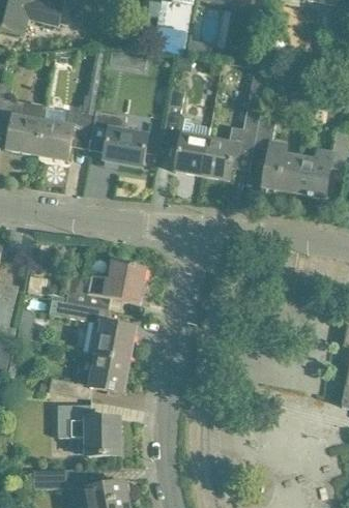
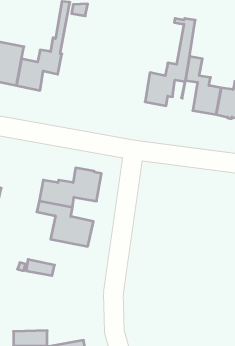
building: [164,88,209,175] -> none
building: [88,110,148,166] -> none
building: [90,354,128,392] -> none
building: [58,405,120,454] -> none

